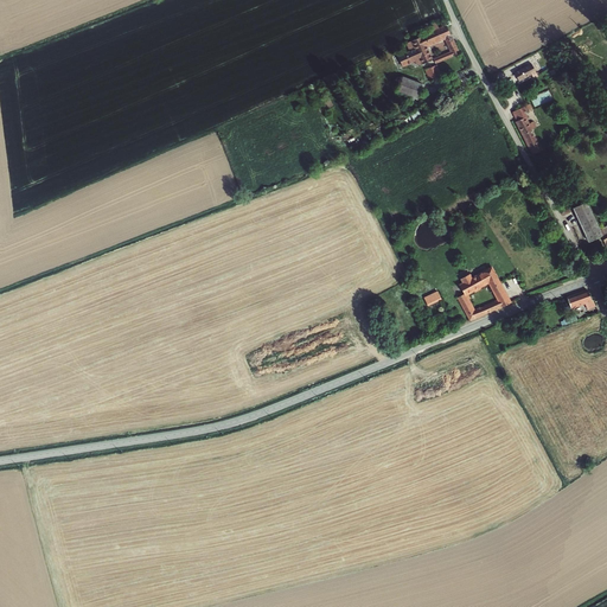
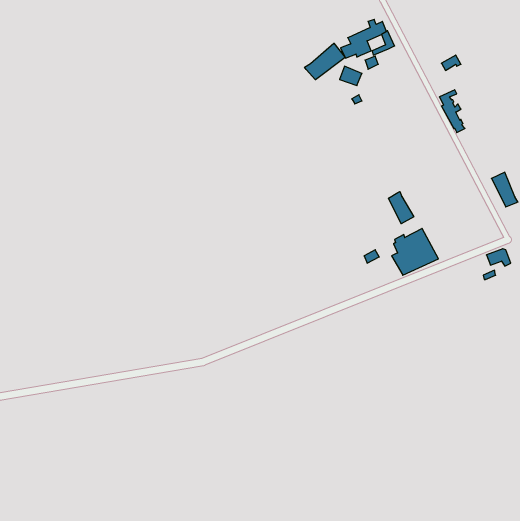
building: none -> [305,43,345,80]
building: none -> [389,192,414,224]

